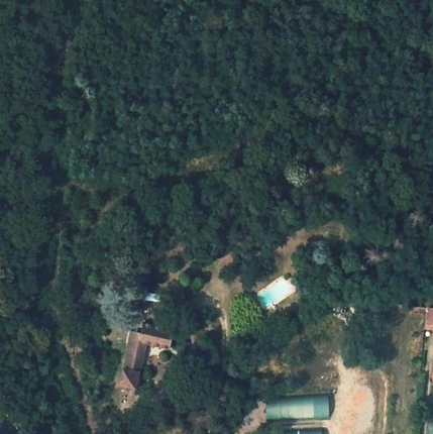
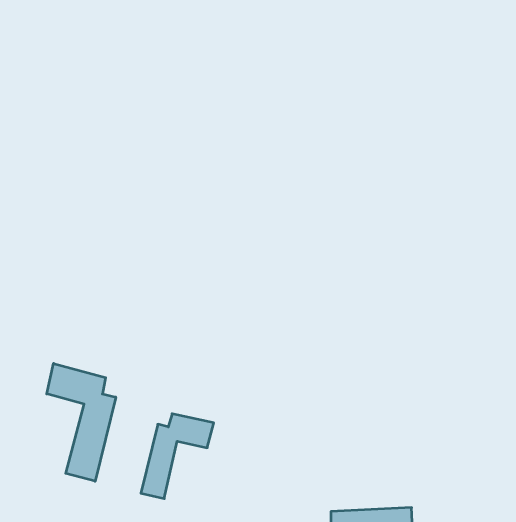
building: none -> [47,363,116,481]

